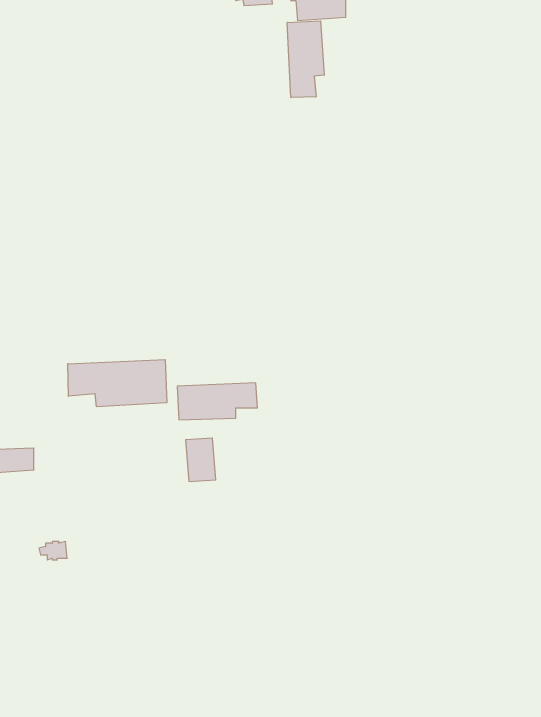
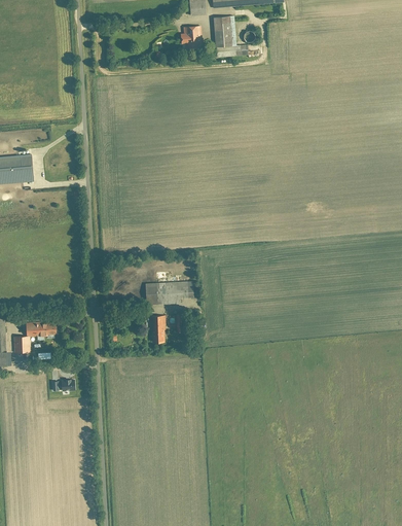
building: [287,21,324,98] -> none
building: [68,360,167,407] -> none

